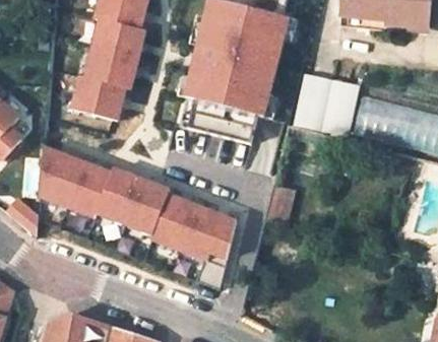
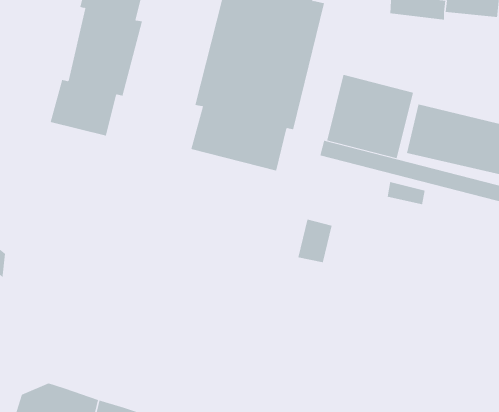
building: [39,146,236,287] -> none

